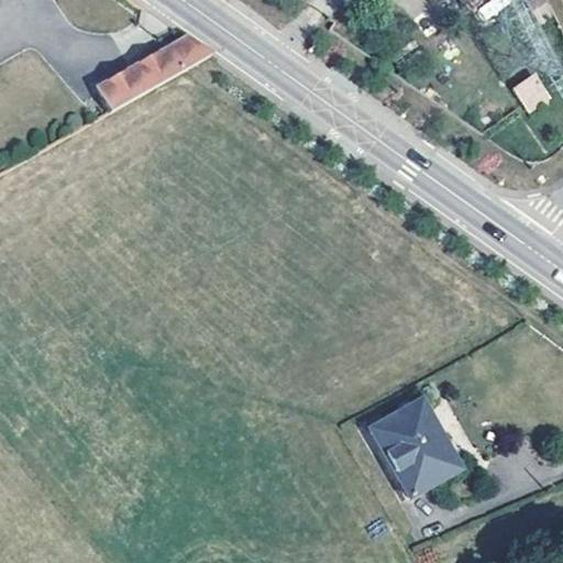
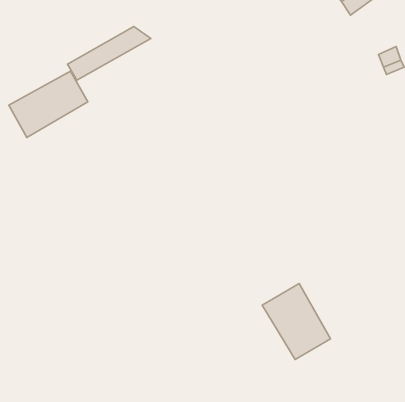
building: none -> [9,71,88,137]

